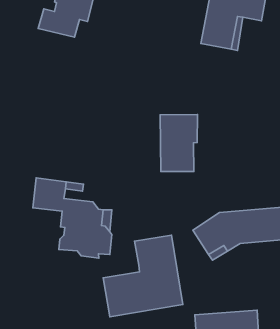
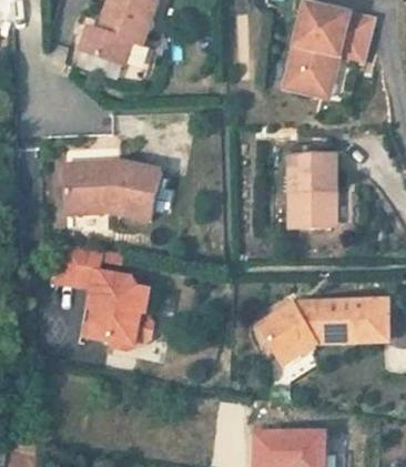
building: none -> [63,161,161,220]
building: [160,115,198,172] -> [282,153,334,229]
building: [103,235,183,317] -> none

